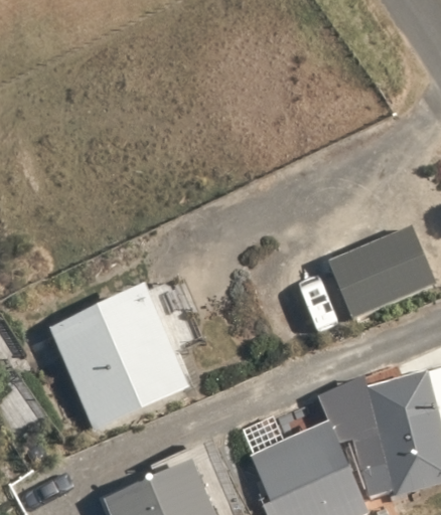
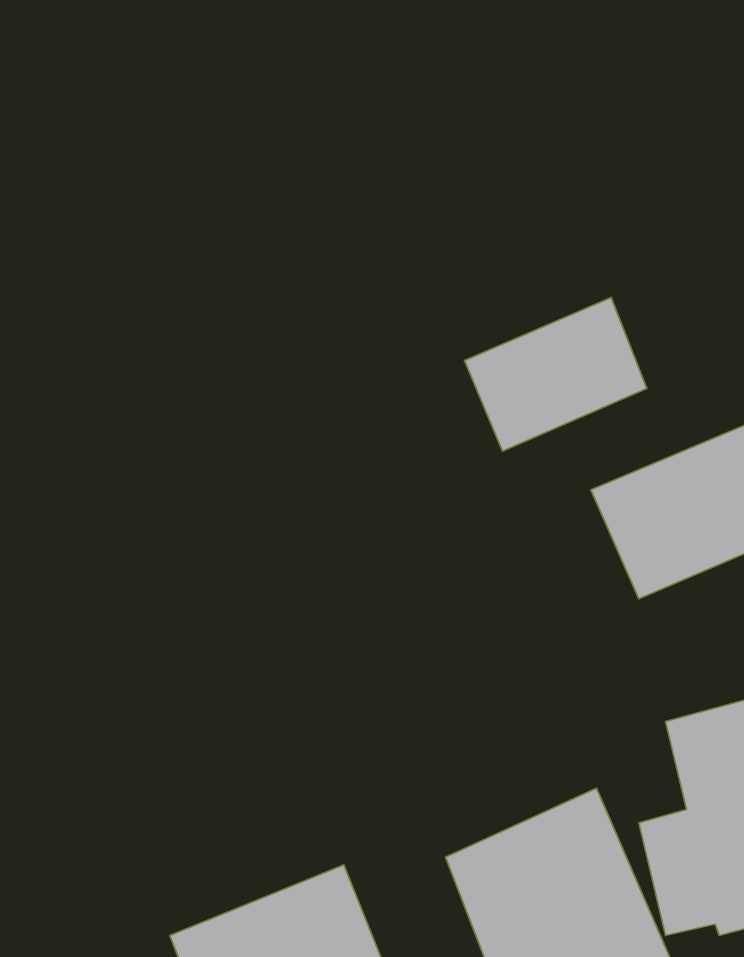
building: none -> [465,298,647,451]
building: [27,288,190,431] -> none

